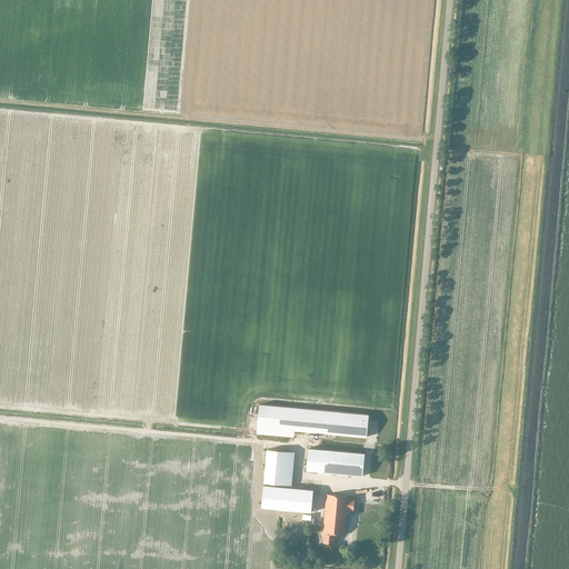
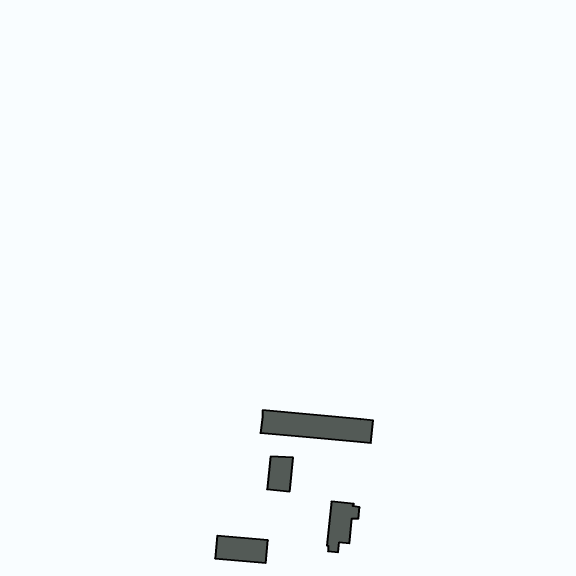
building: [306,449,365,476] -> none
building: [261,486,313,512] -> [215,536,268,563]

